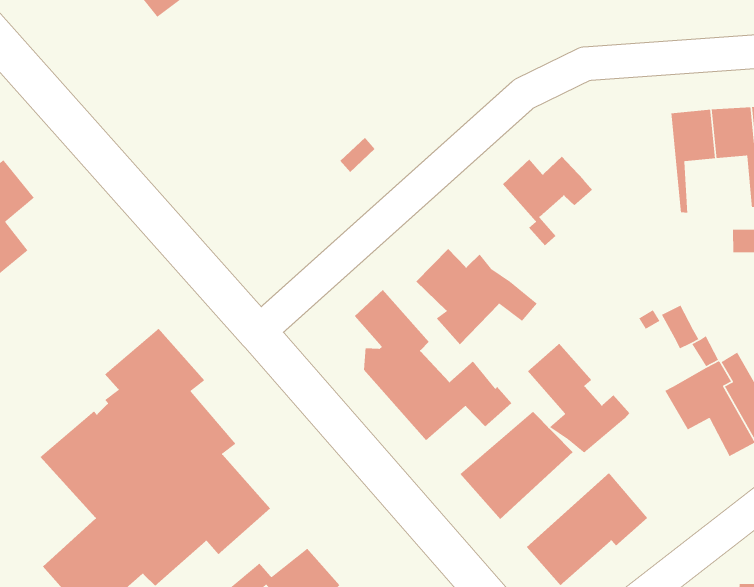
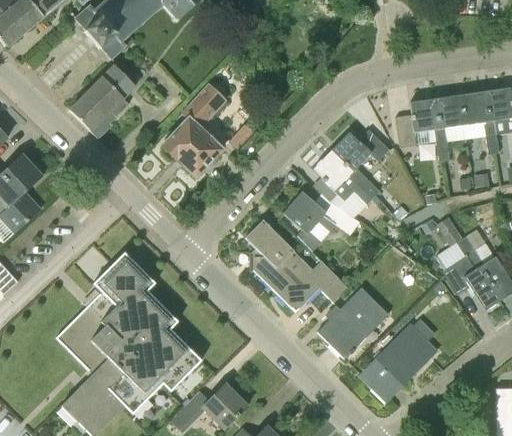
building: none -> [70,65,136,138]
building: none -> [163,83,228,177]
building: none -> [396,98,445,161]
building: [527,343,630,454] -> [314,149,380,217]

